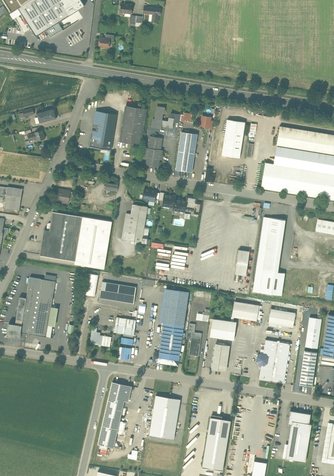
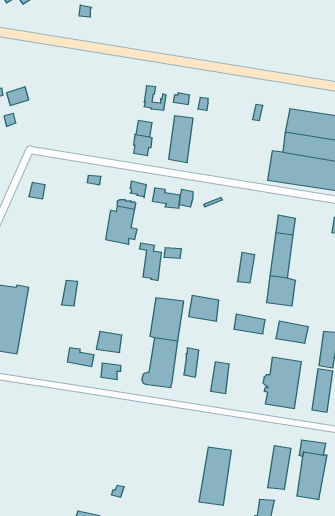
building: [119,106,145,144] -> none
building: [89,111,115,150] -> none
building: [221,119,244,157] -> none
building: [45,211,111,268] -> none
building: [99,281,135,303] -> none
building: [209,318,235,340] -> [189,296,219,321]
building: [98,381,130,445] -> none
building: [149,395,180,437] -> none
building: none -> [268,446,291,490]

